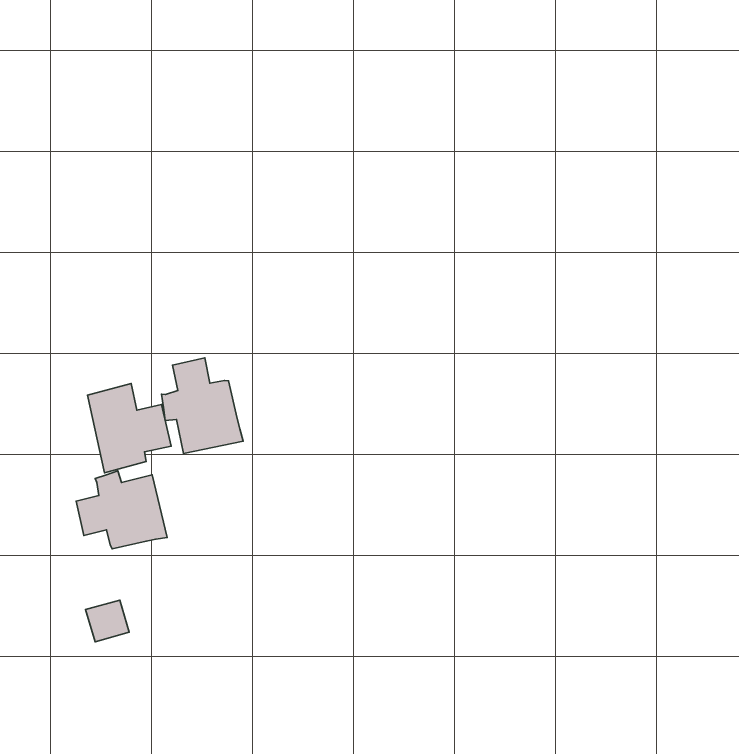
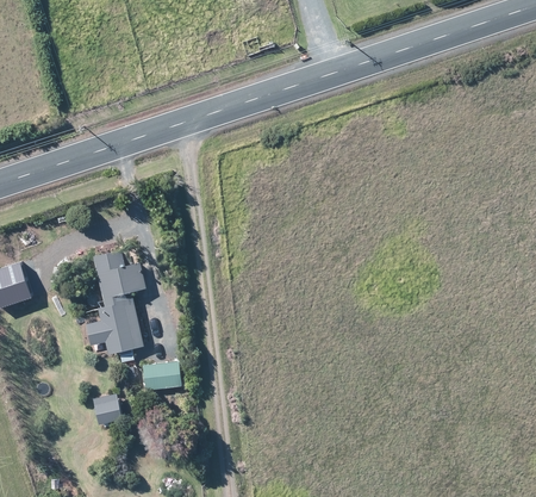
building: [162,358,243,453] -> none
building: none -> [142,361,180,390]

